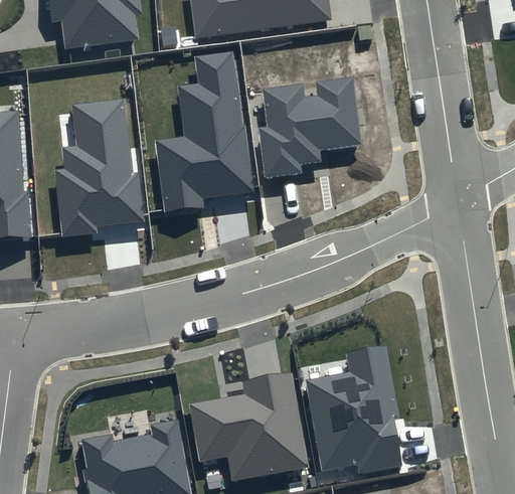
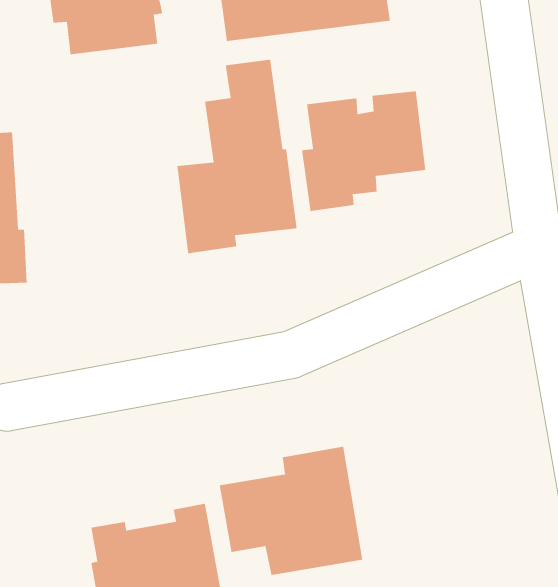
building: [54,99,145,236] -> none
building: [306,346,402,474] -> none

